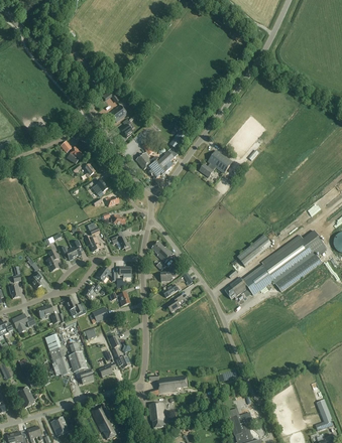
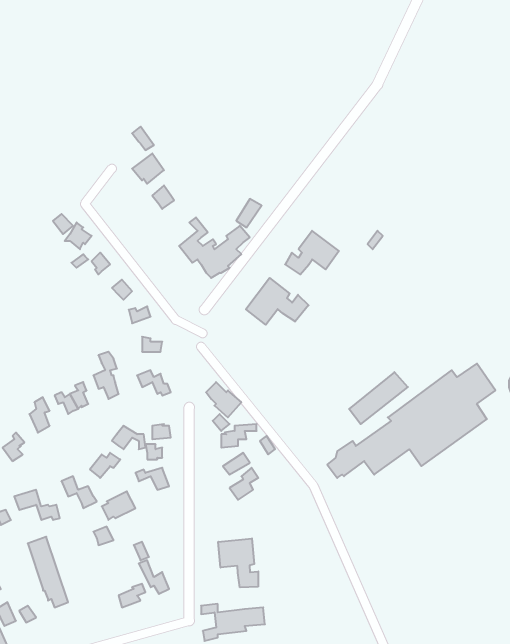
building: none -> [246,278,309,325]
building: none -> [218,538,258,587]
building: [69,342,94,384] -> none

